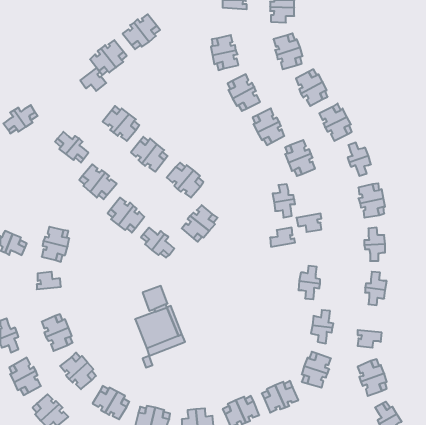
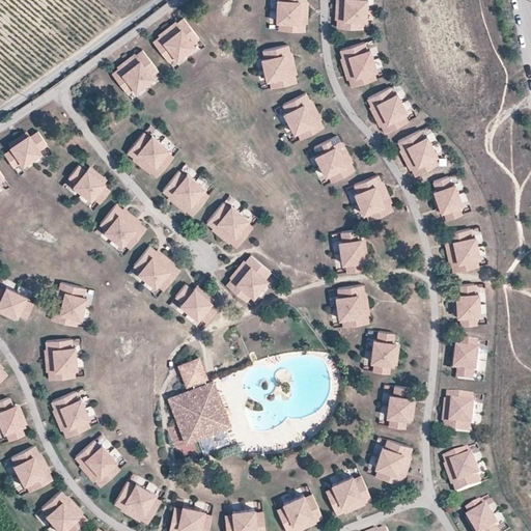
building: none -> [276,10,307,31]
building: [80,68,106,91] -> none
building: [296,214,321,232] -> [337,303,368,326]
building: none -> [46,358,77,380]
building: none -> [445,393,476,415]

